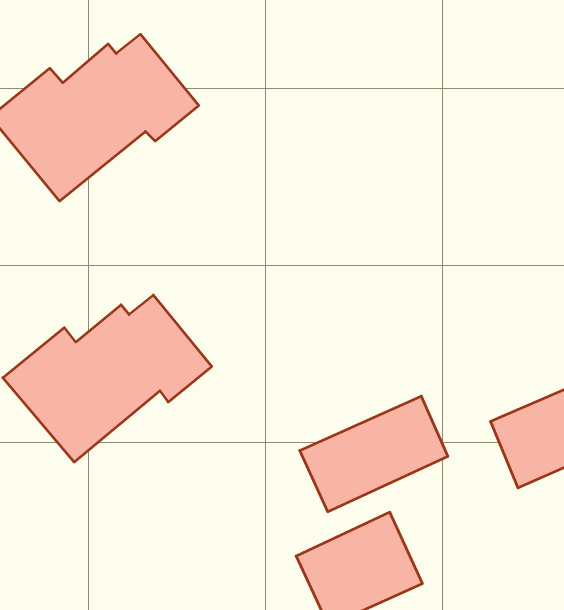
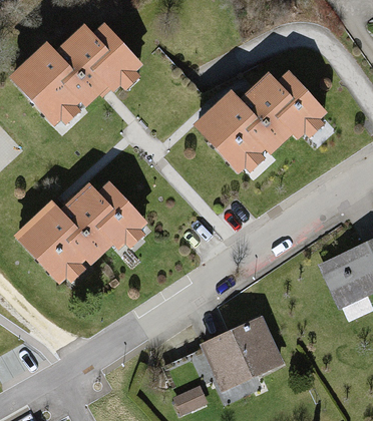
building: none -> [195,75,324,178]
building: [300,396,448,512] -> none

